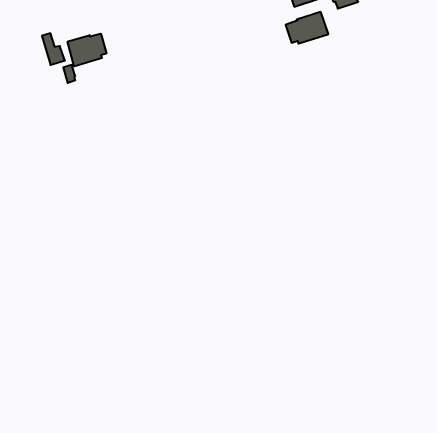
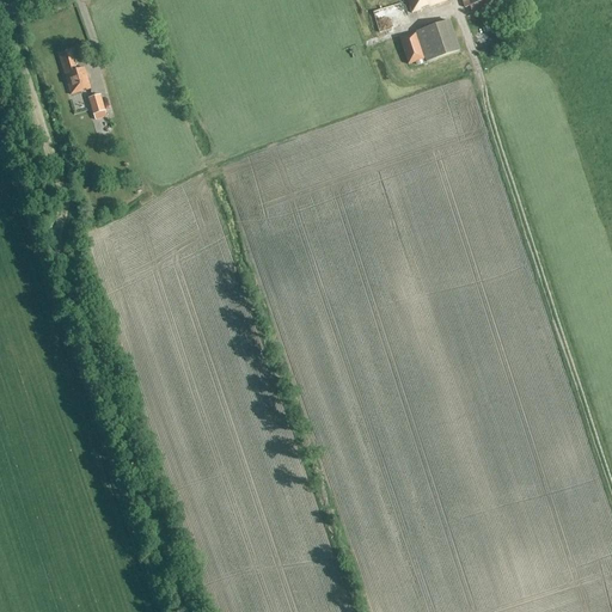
building: [68,34,107,66] -> none

